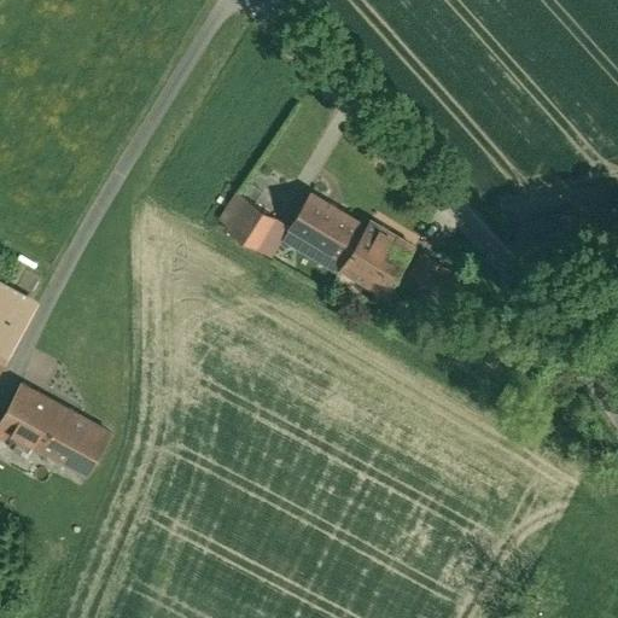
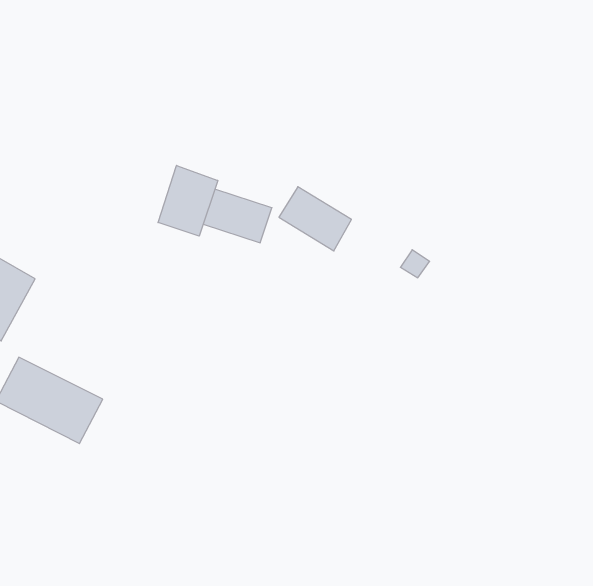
building: none -> [158,165,218,236]
building: [340,232,410,304] -> none

